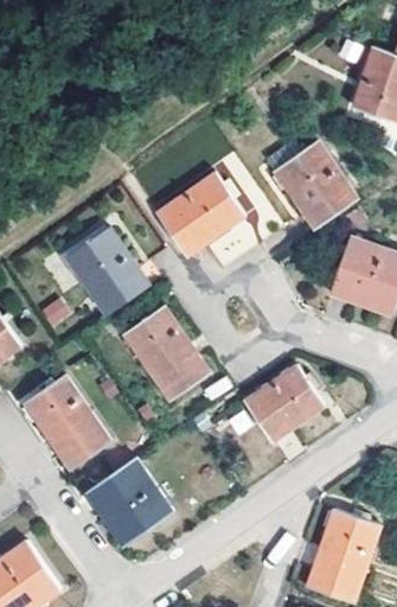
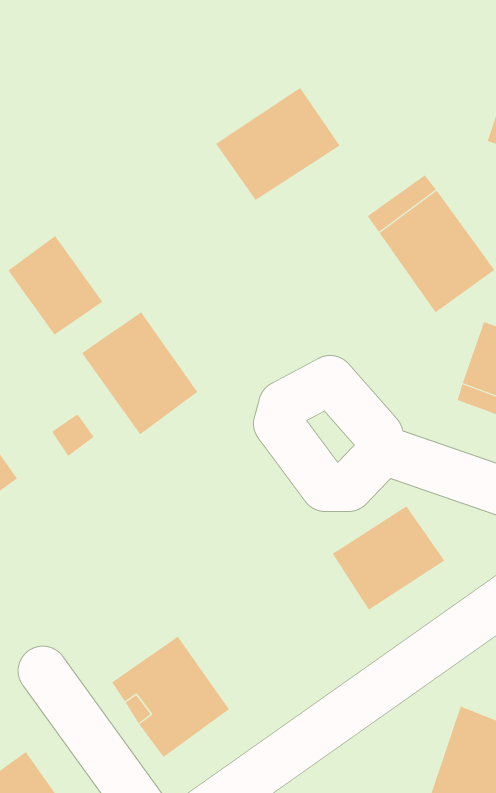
building: [156,172,245,253] -> [215,87,340,201]
building: none -> [8,235,103,336]
building: [123,306,209,400] -> none
building: [24,375,110,469] -> none

